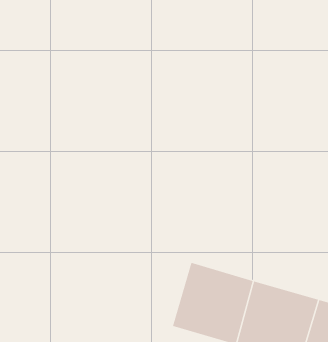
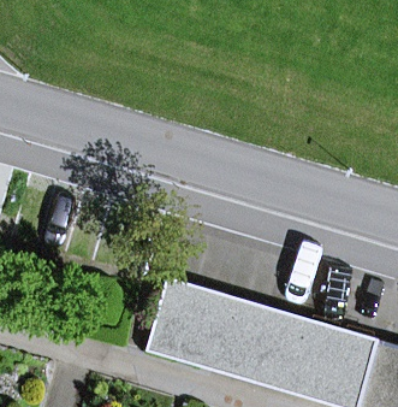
building: none -> [147,282,239,372]

